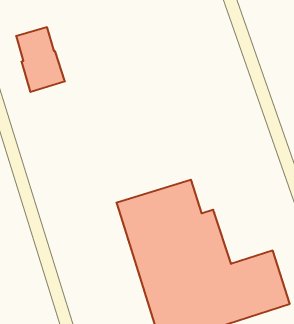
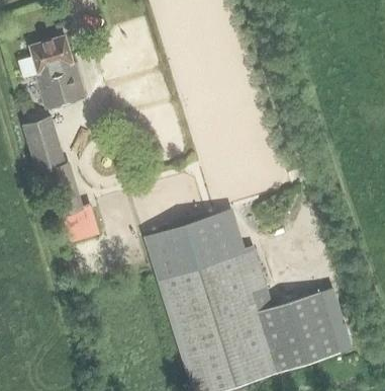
building: none -> [23,115,96,232]

